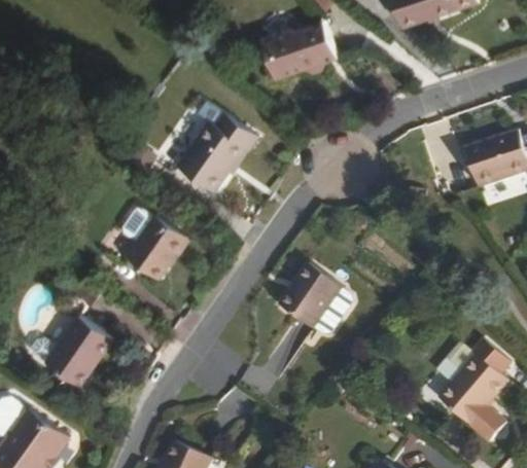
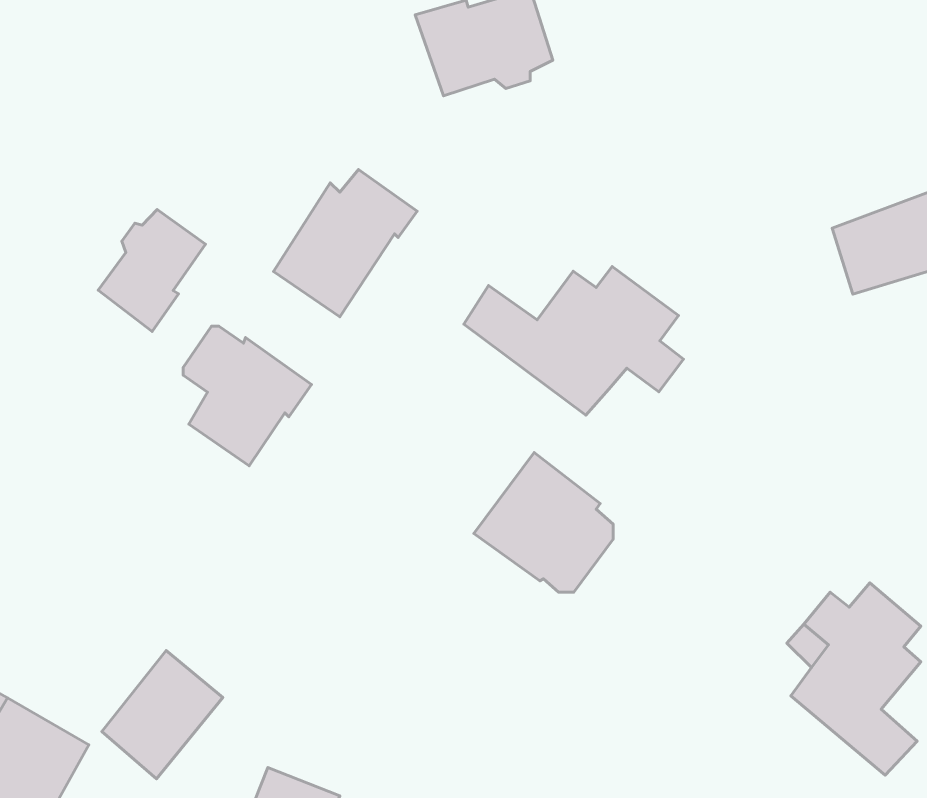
building: none -> [98,209,206,332]
building: none -> [464,267,683,415]
building: [50,310,116,380] -> [102,650,223,779]

